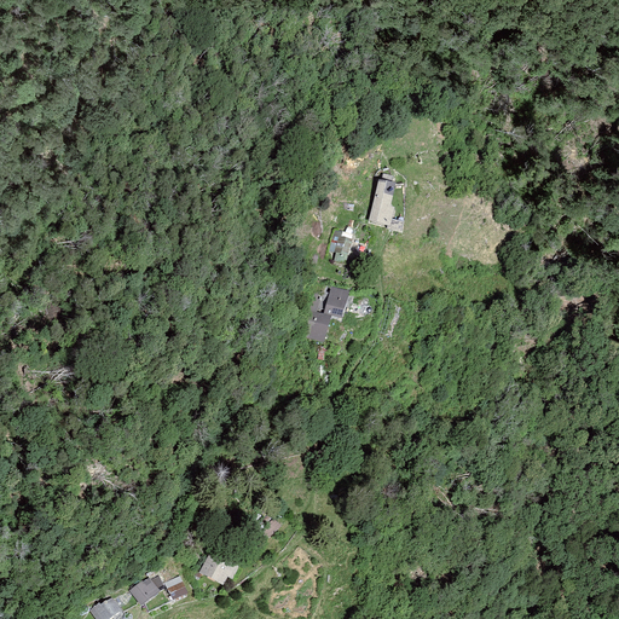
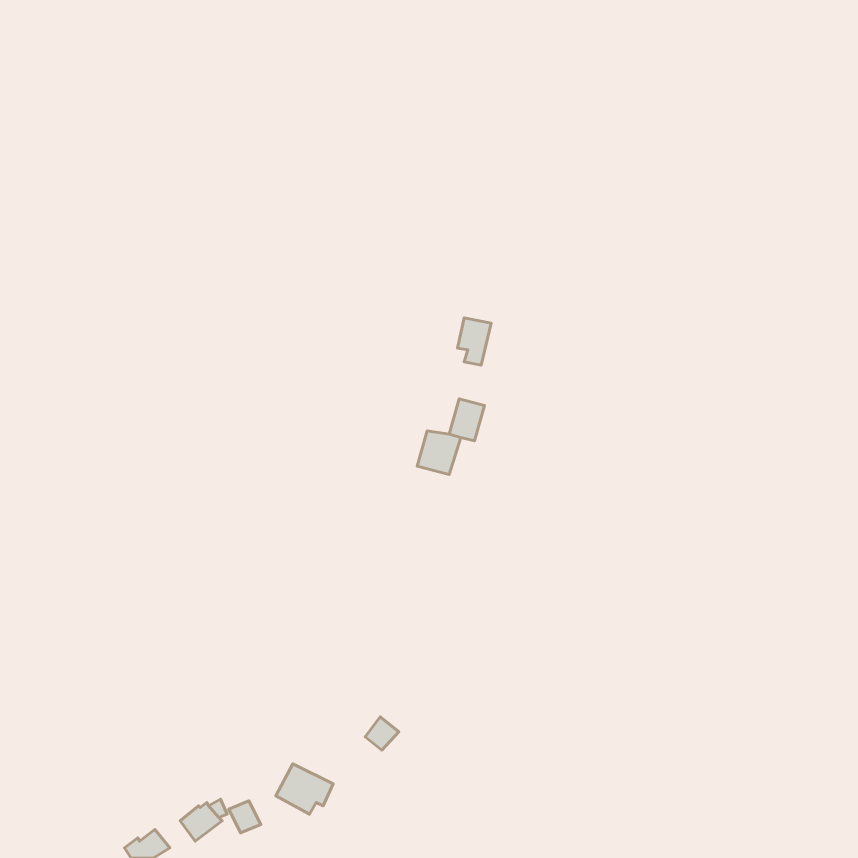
building: [369,178,397,226] -> none

